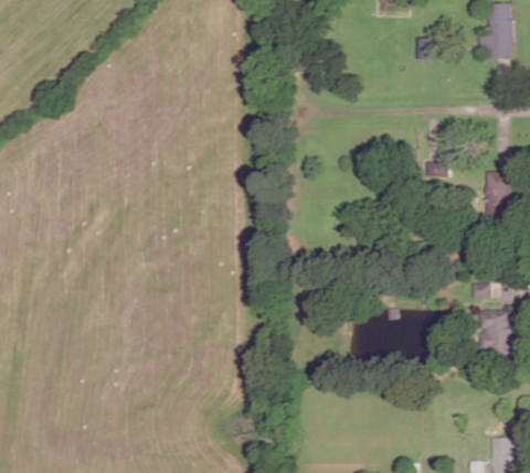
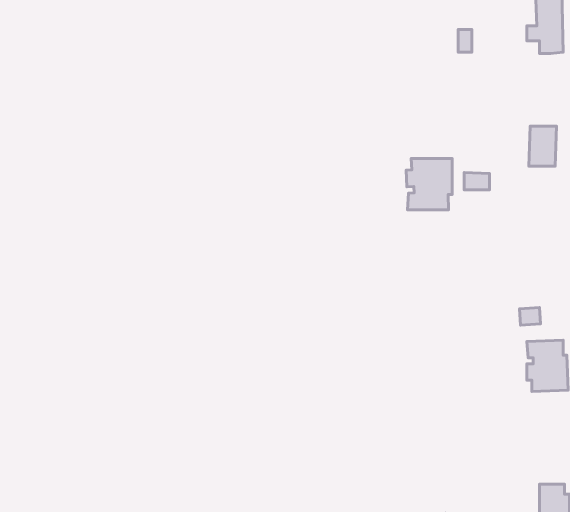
building: none -> [406,158,452,210]
building: [486,171,510,206] -> [529,126,556,166]

